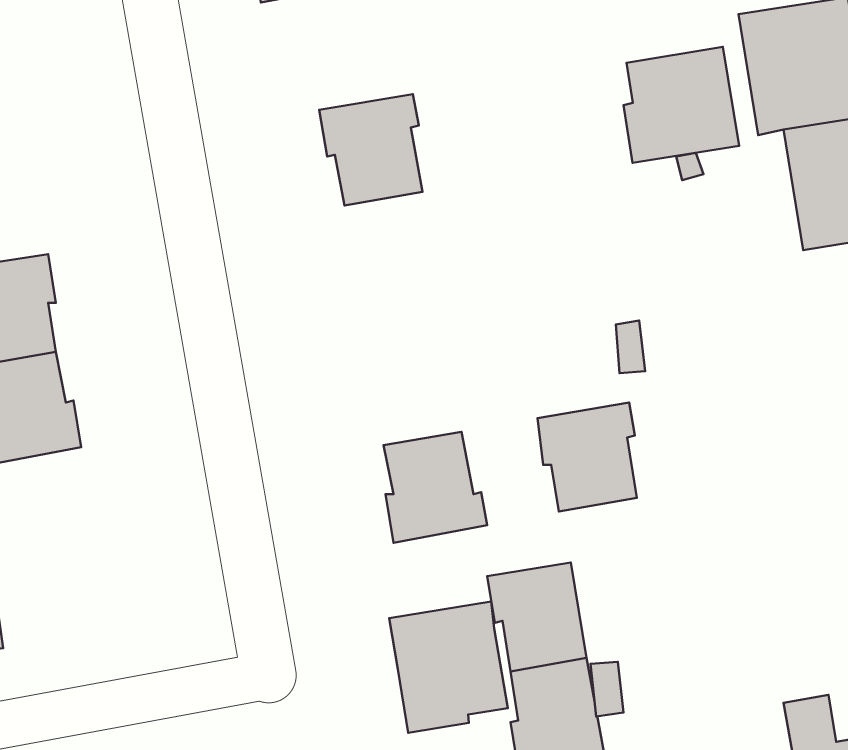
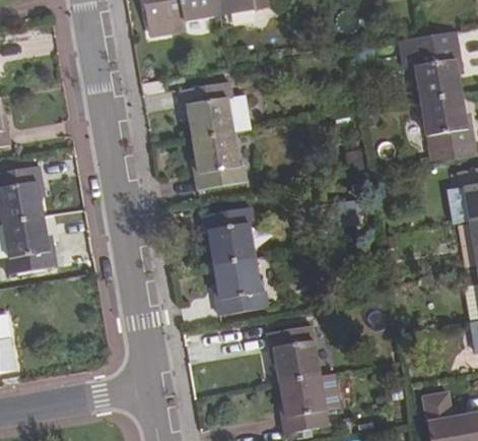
building: [623,47,739,163] -> none
building: none -> [194,133,247,189]
building: [537,402,637,512] -> [203,208,255,265]
building: [389,601,508,733] -> none

